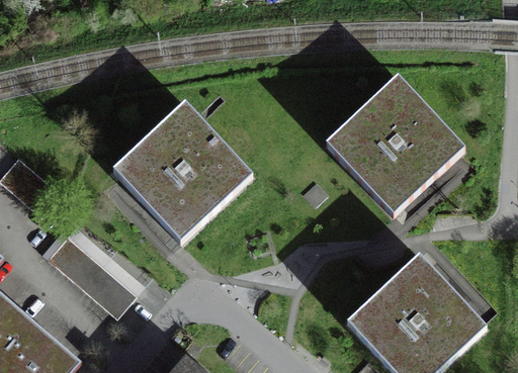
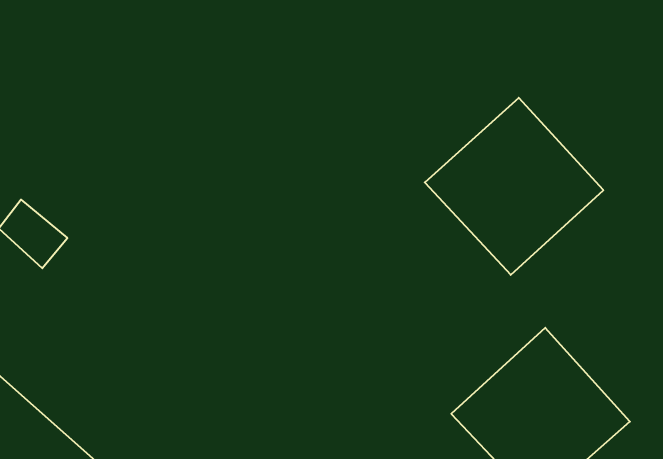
building: [114,104,251,241] -> none
building: [49,236,136,317] -> none

